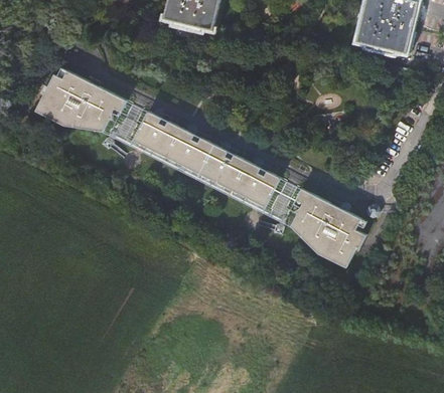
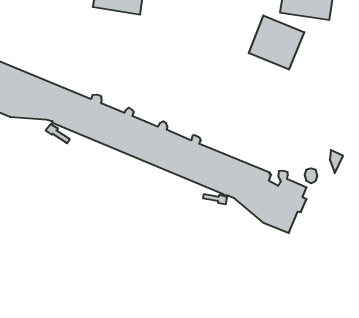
building: none -> [249,15,304,70]

